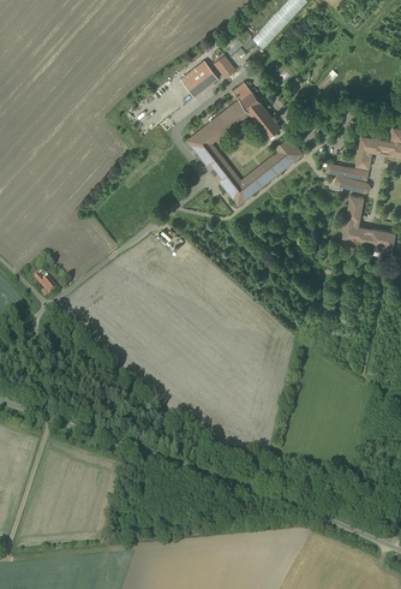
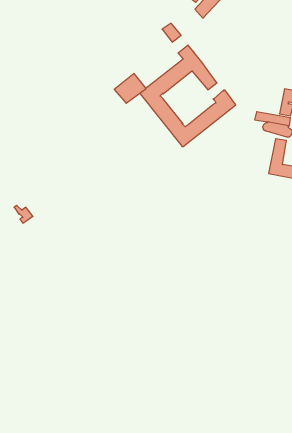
building: [180,61,219,97] -> [114,73,146,103]

